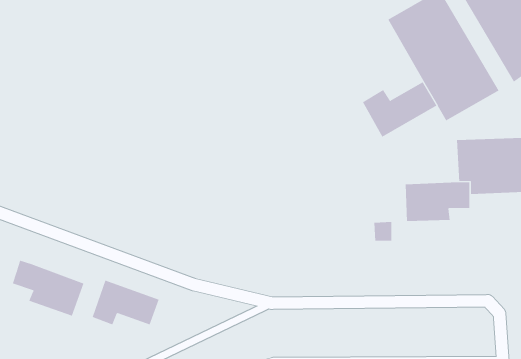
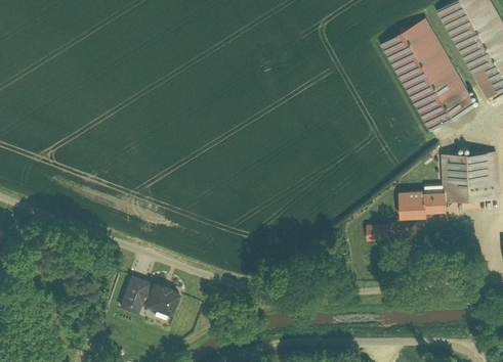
building: [362,81,437,138] -> none
building: [12,260,84,317] -> none

